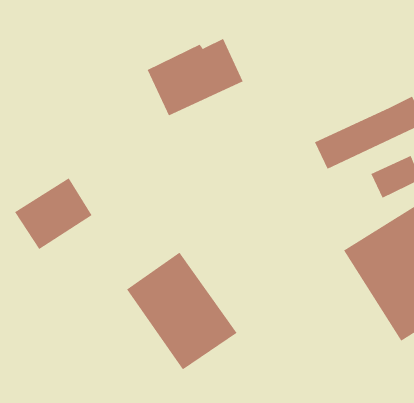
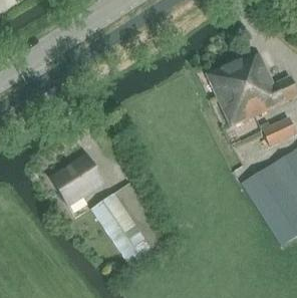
building: [147,38,244,116] -> [206,53,273,107]
building: [14,178,92,250] -> [49,156,103,206]

